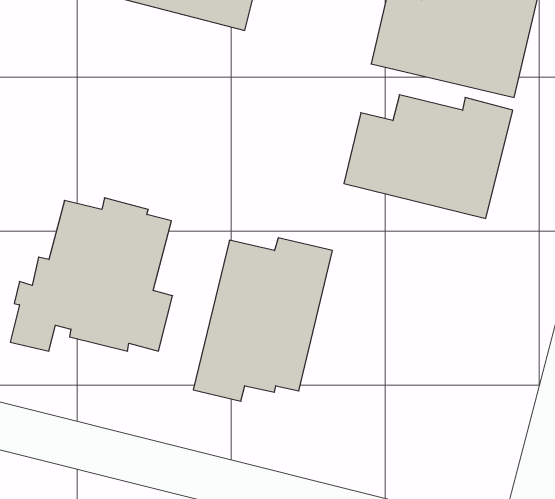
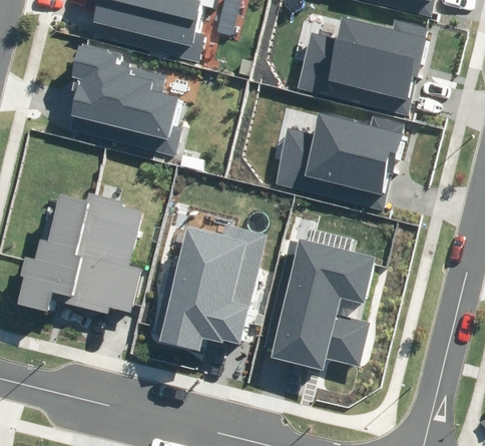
building: none -> [66,43,182,155]
building: none -> [262,237,376,370]

